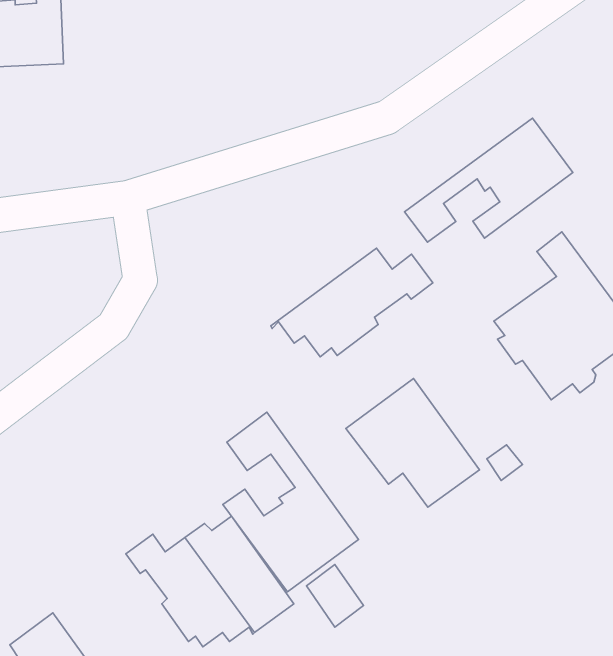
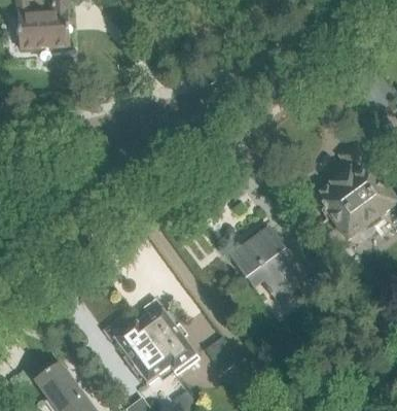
building: [404,118,573,242] -> none
building: [271,248,433,357] -> none
building: [223,412,358,592] -> none

